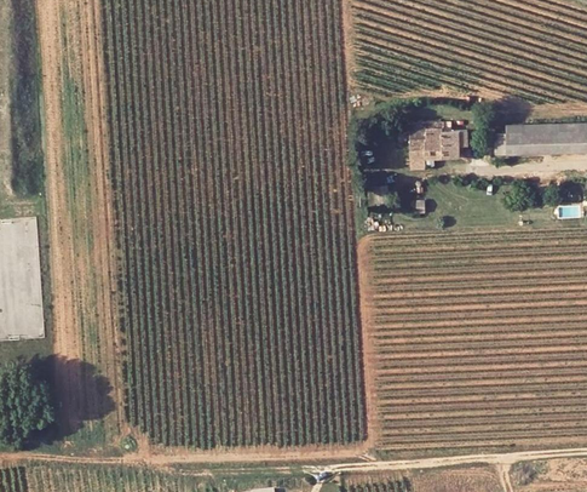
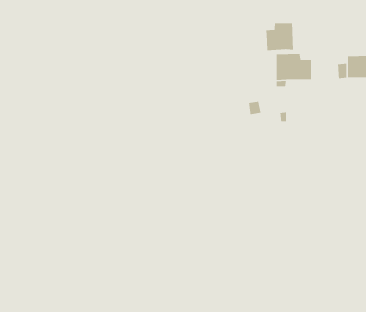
building: none -> [266,23,294,51]

